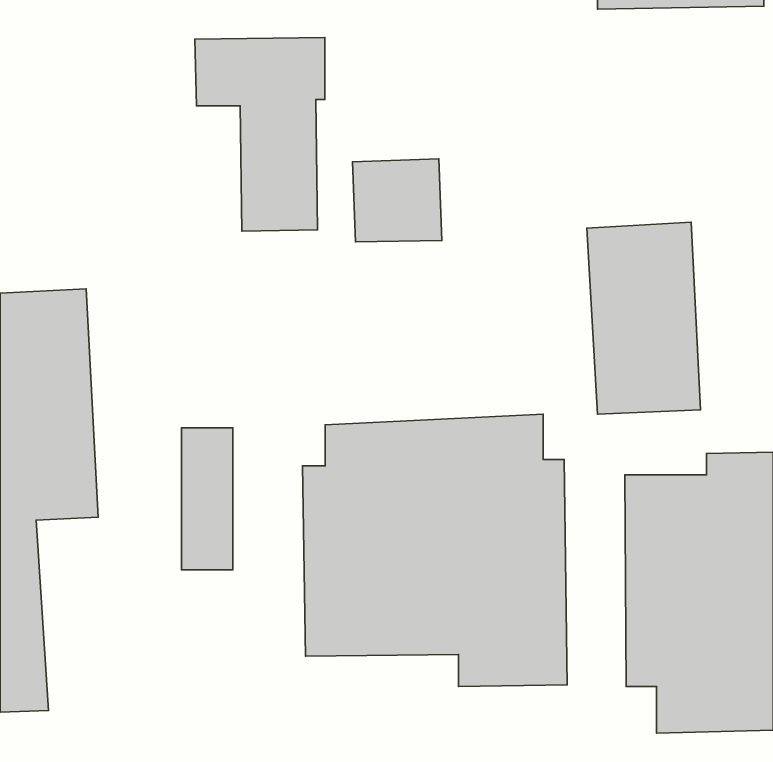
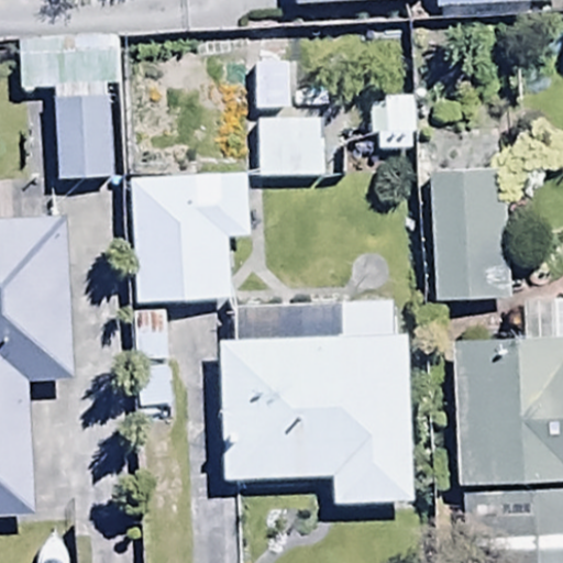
building: [195,38,325,231] -> [19,37,113,178]
building: none -> [129,175,252,301]

